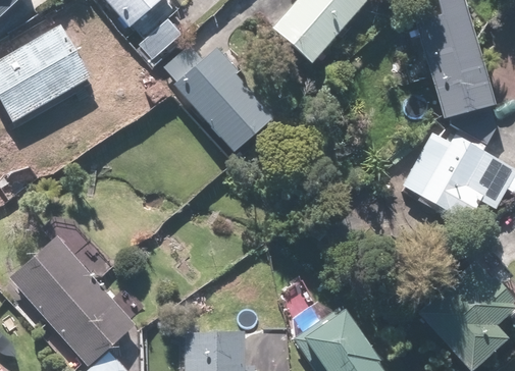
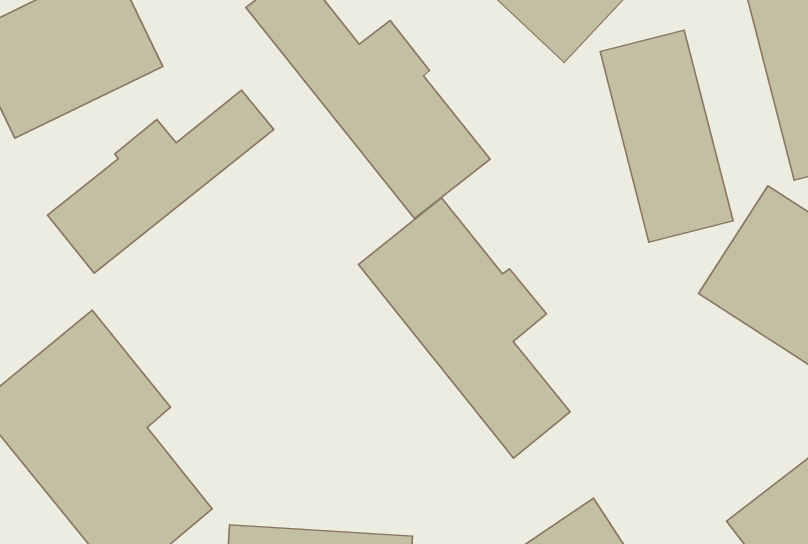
building: none -> [600,30,733,242]
building: none -> [47,90,274,273]
building: none -> [358,198,570,458]

